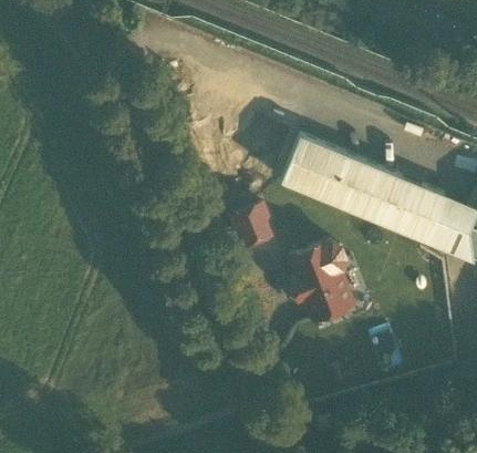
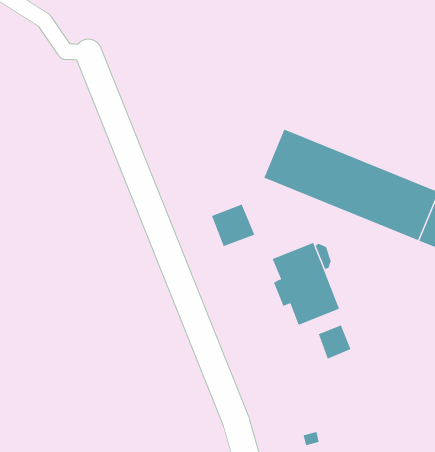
building: none -> [318,325,351,359]

